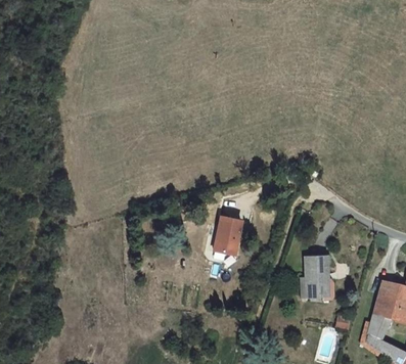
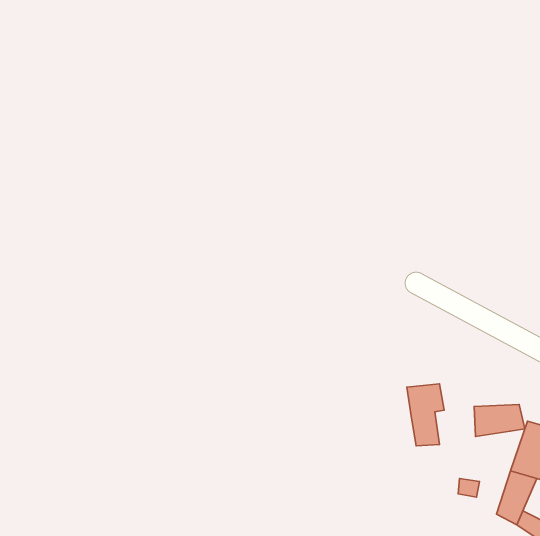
building: [215,219,239,256] -> none
building: none -> [474,405,525,436]

